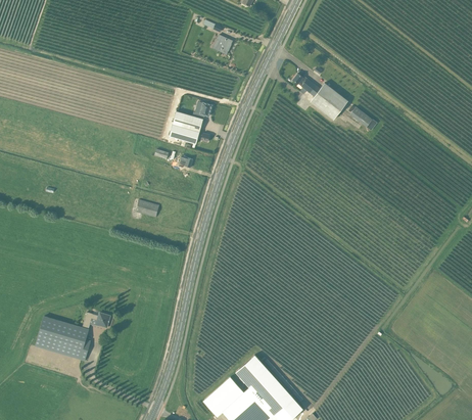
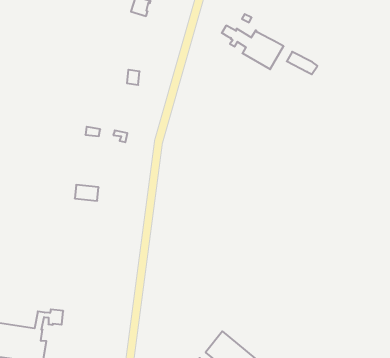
building: [170,111,209,144] -> none

